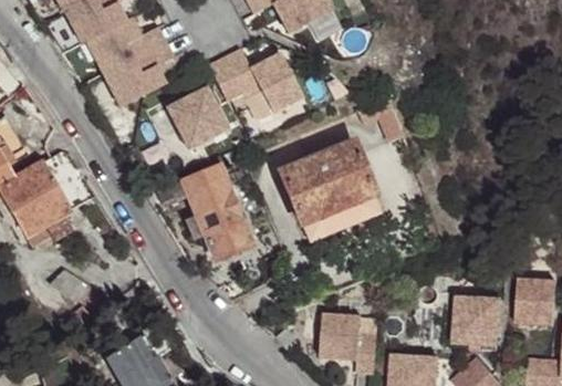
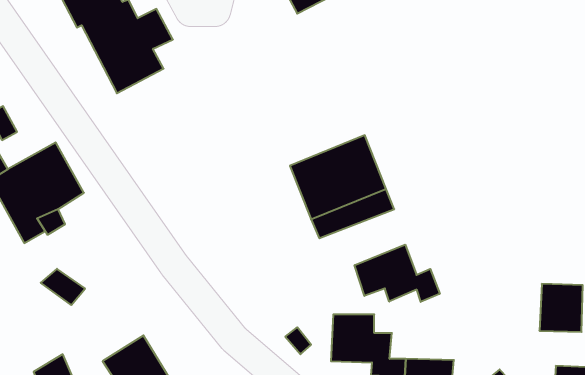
building: [208,43,303,108] -> none
building: [165,85,226,146] -> none
building: [186,165,252,257] -> none
building: none -> [355,245,440,302]
building: [456,306,503,356] -> none

